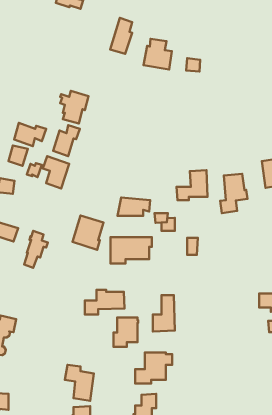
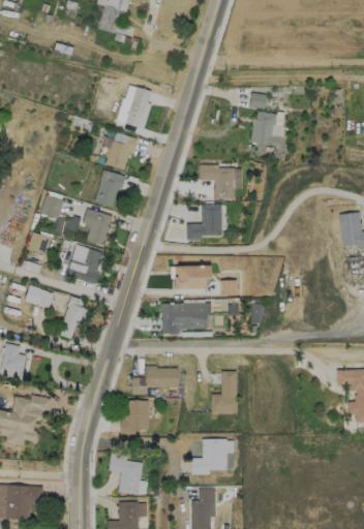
building: [110,18,132,54] -> [126,86,152,128]
building: [144,39,172,70] -> [250,111,283,147]
building: none -> [200,164,235,198]
building: [14,123,46,146] -> none
building: [177,170,207,200] -> [186,204,222,239]
building: [220,174,247,213] -> none
building: [73,215,103,250] -> [67,244,103,284]
building: [114,318,138,347] -> [121,400,150,434]

